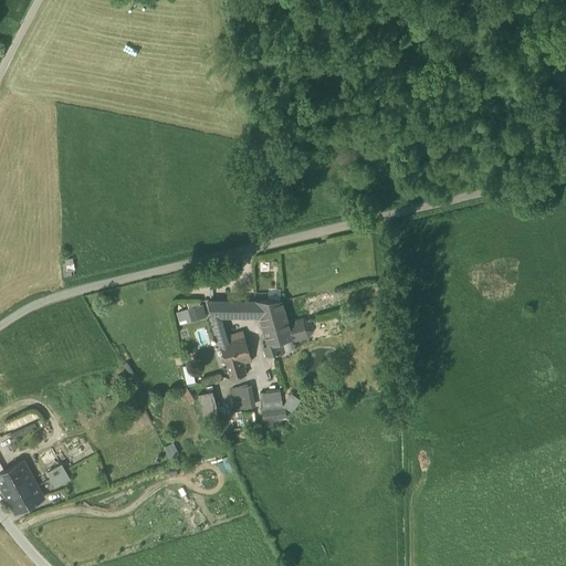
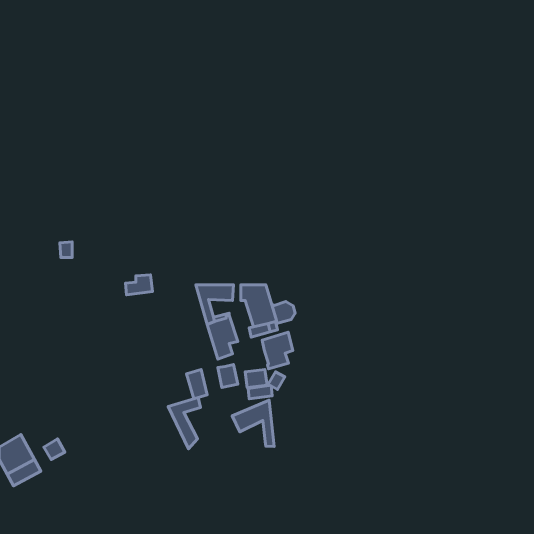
building: [177,303,206,324] -> [125,275,153,295]
building: none -> [262,332,293,369]
building: none -> [168,398,200,449]
building: none -> [232,400,274,447]

